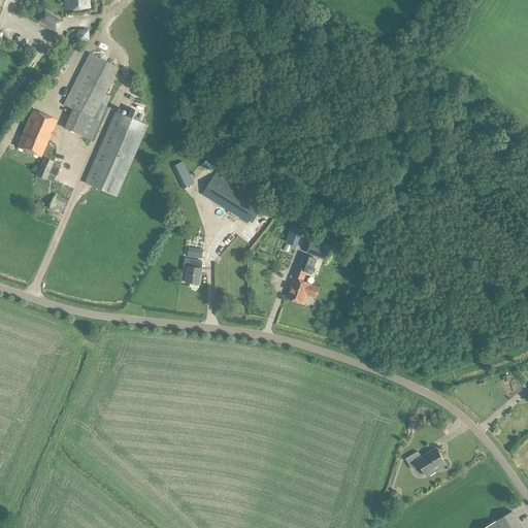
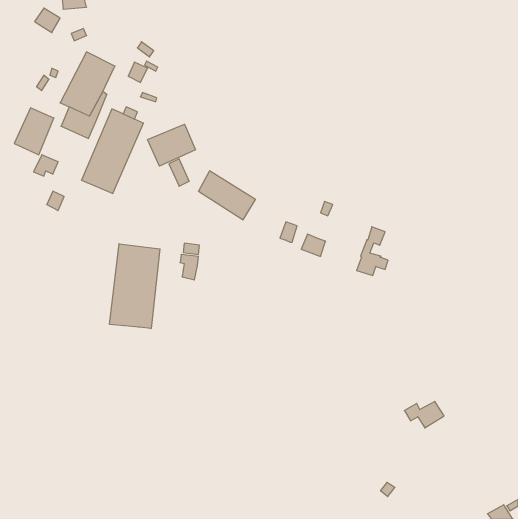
building: none -> [147,124,196,166]
building: none -> [110,244,160,329]
building: [286,254,318,303] -> [357,227,388,276]
building: [404,449,444,475] -> [404,401,444,428]

